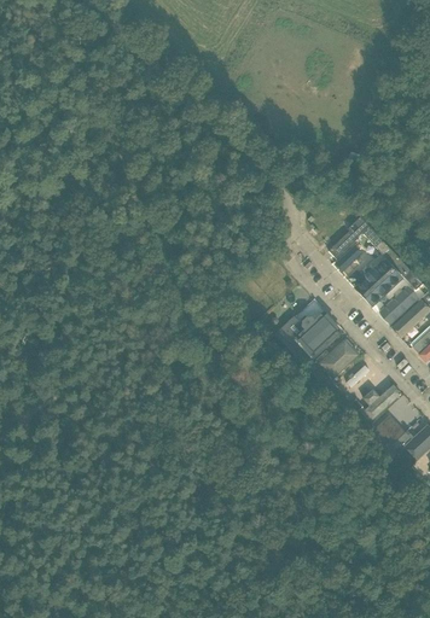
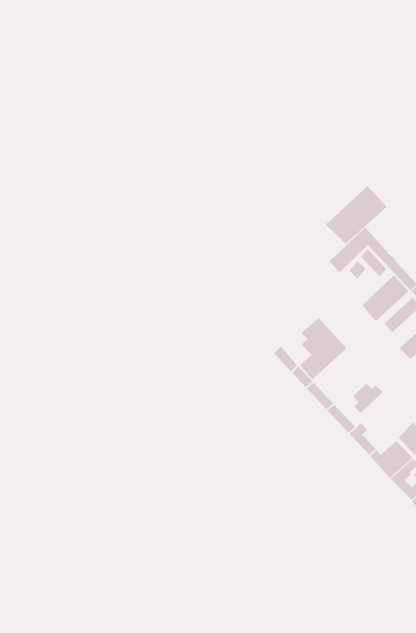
building: none -> [325,185,388,244]
building: [319,339,358,377] -> none
building: [364,386,400,419] -> none

